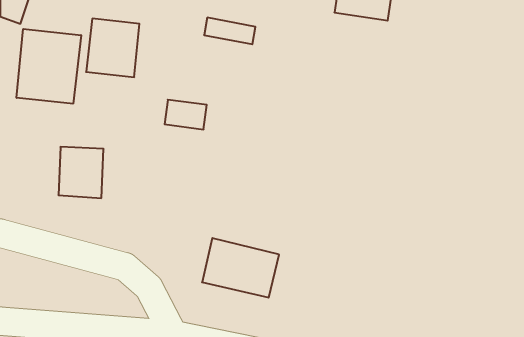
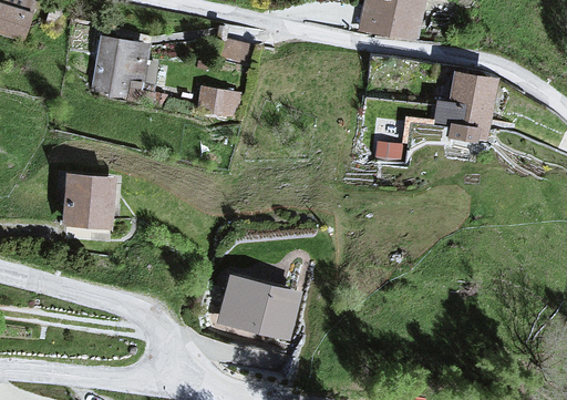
building: [17,29,81,104] -> none
building: none -> [445,73,496,141]
building: [165,100,207,129] -> [198,85,244,117]

